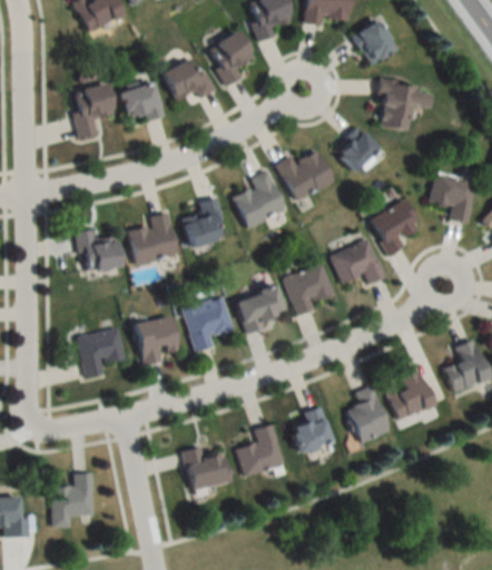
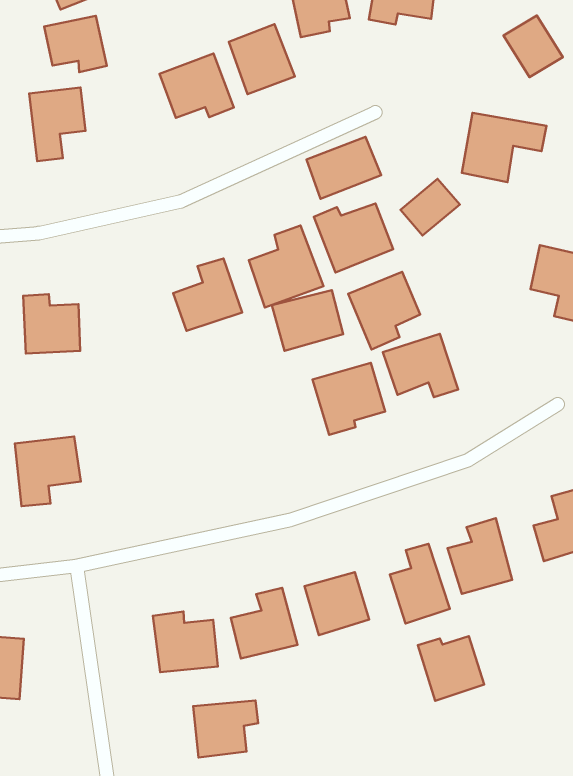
building: [353,21,395,65] -> [504,15,563,77]
building: [119,82,165,122] -> [44,16,107,72]
building: none -> [306,137,381,199]
building: [368,200,420,256] -> [348,272,420,350]
building: [128,214,177,265] -> none
building: [234,286,285,331] -> [272,290,343,351]
building: [183,297,233,352] -> none
building: [134,316,178,366] -> none
building: none -> [418,636,484,701]
building: none -> [193,700,258,757]

